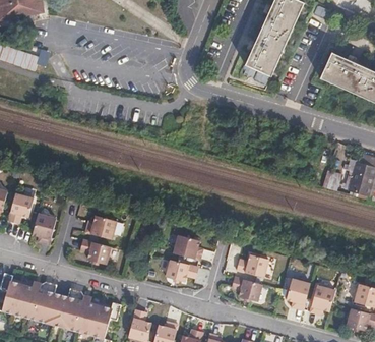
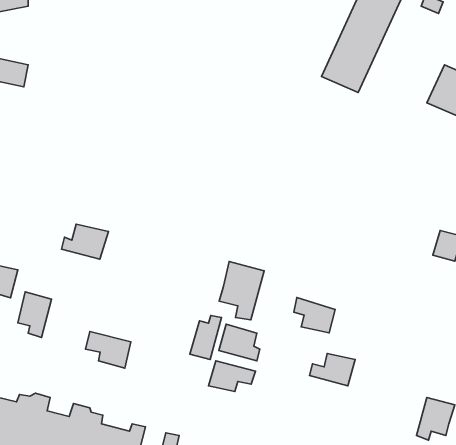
building: none -> [219,261,264,320]
building: [85,215,118,239] -> [62,224,109,259]
building: none -> [190,315,221,359]
building: [232,276,260,300] -> [294,298,335,333]
building: [286,279,311,309] -> none

